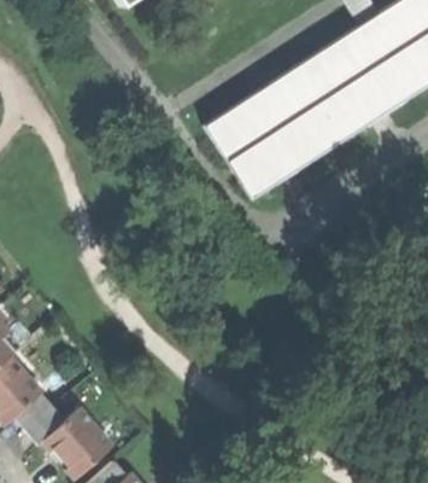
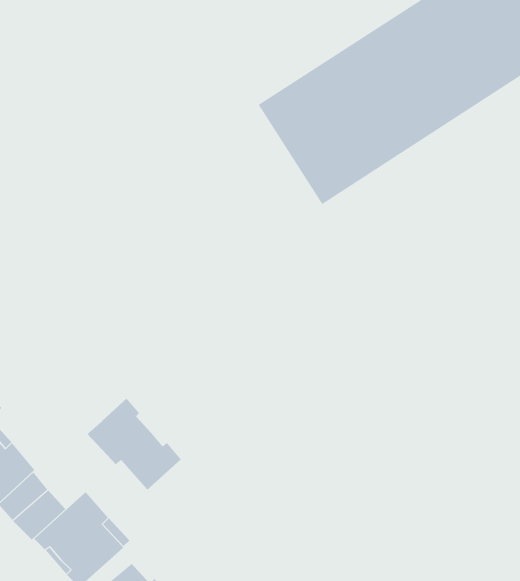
building: none -> [87,398,182,495]

